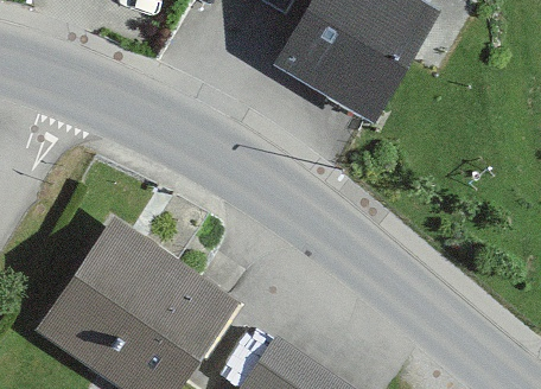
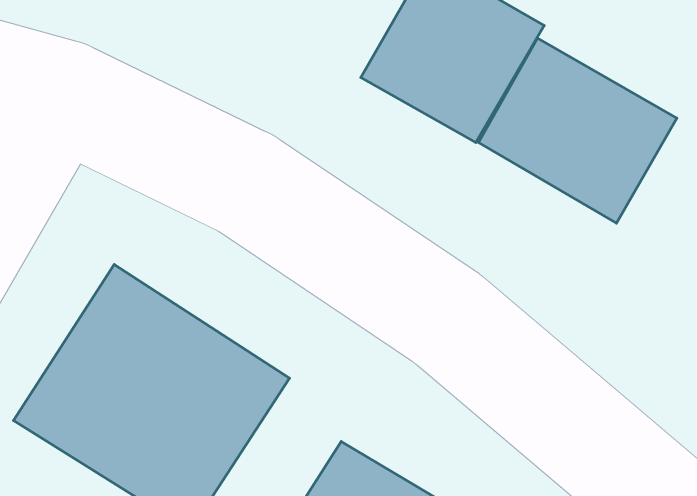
building: none -> [479,38,677,223]

